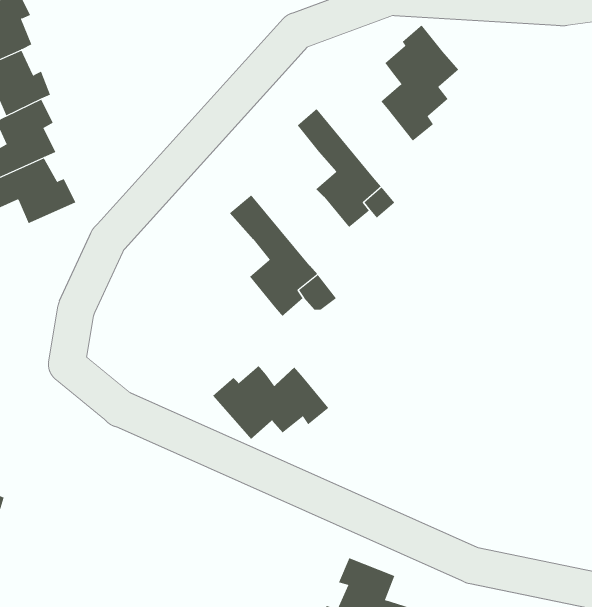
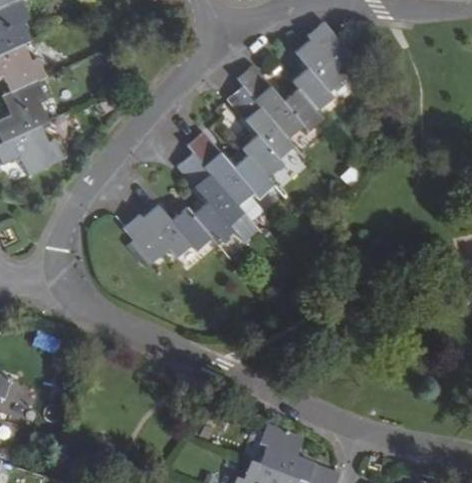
building: none -> [238,66,322,139]
building: none -> [188,131,273,205]
building: [212,365,329,440] -> [124,205,212,261]

